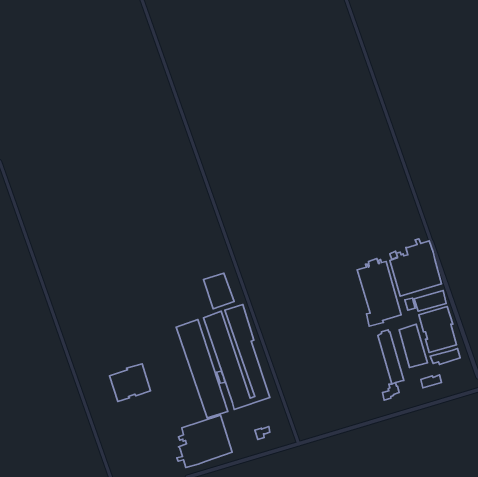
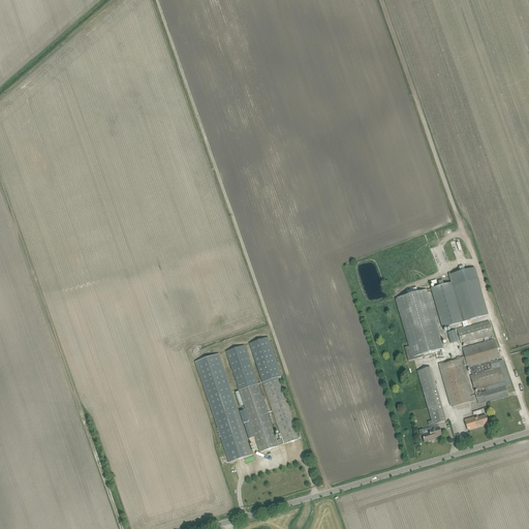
building: [203,273,234,309] -> none
building: [110,364,150,402] -> none
building: [177,415,232,468] -> none

